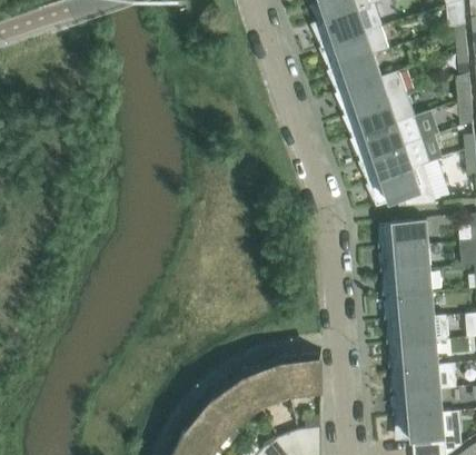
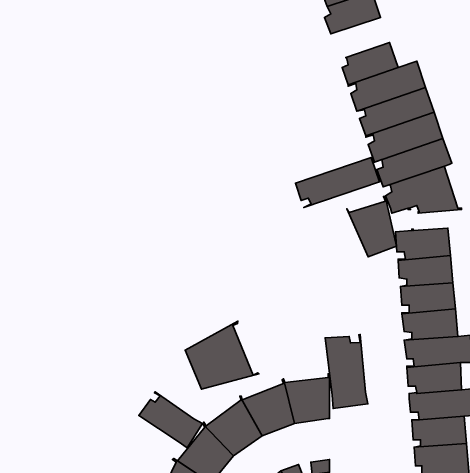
building: [325,29,389,72] -> none
building: none -> [295,157,379,208]
building: none -> [347,196,397,257]
building: none -> [185,321,259,389]
building: none -> [325,335,368,409]
building: none -> [139,392,203,448]

